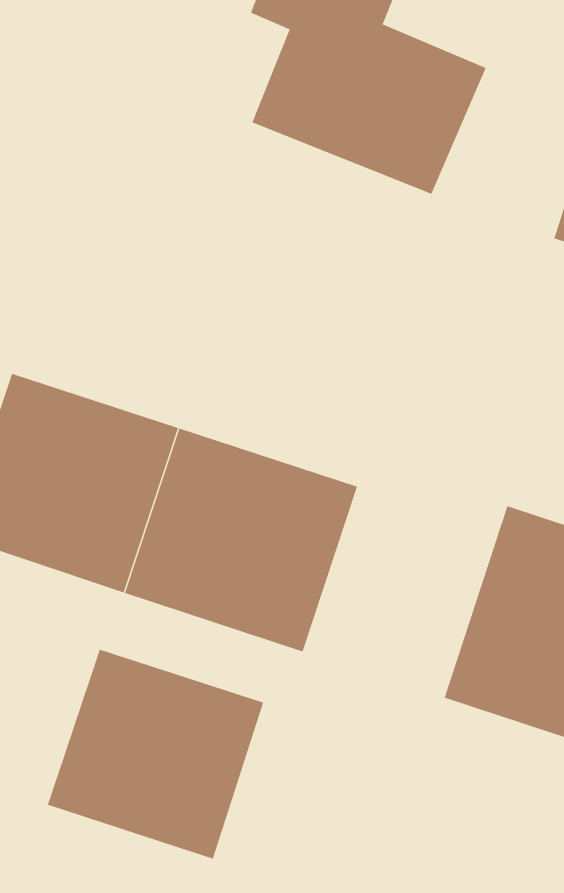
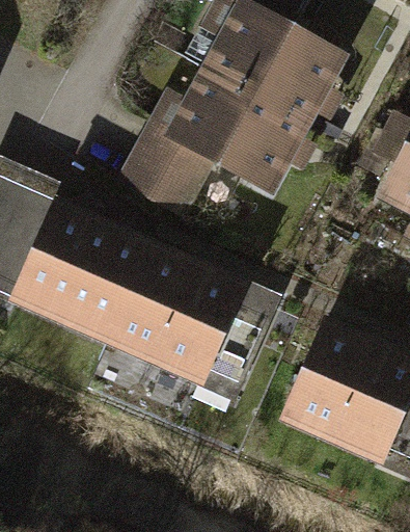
building: none -> [124,82,302,209]
building: [47,649,264,860] -> none

